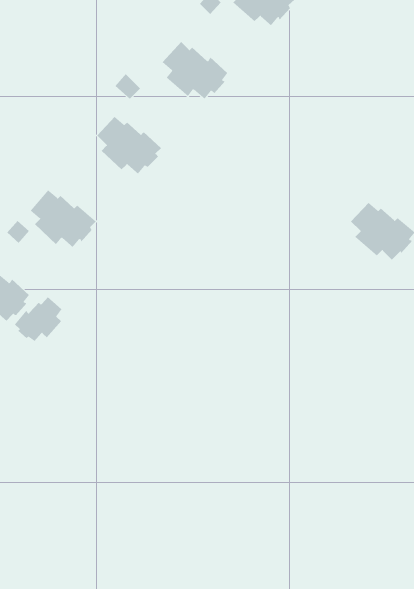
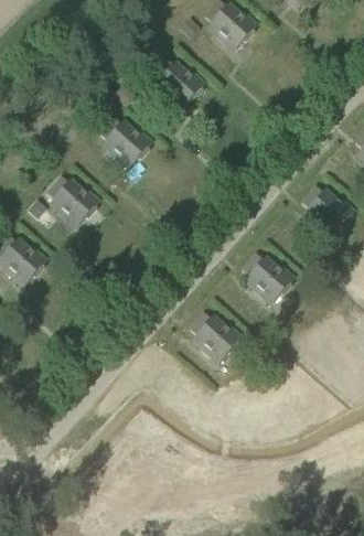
building: none -> [243,254,295,300]
building: [14,296,62,342] -> none
building: none -> [190,312,243,358]

